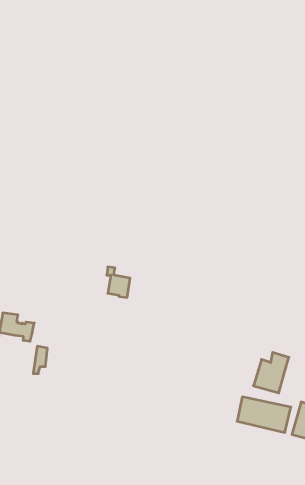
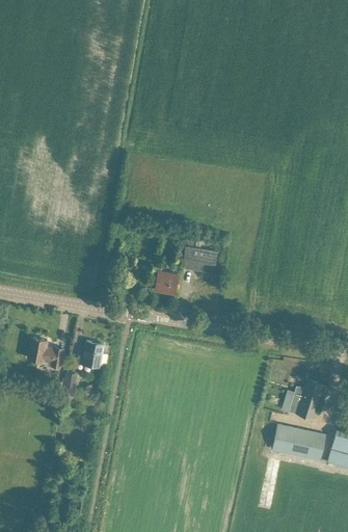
building: none -> [180,246,216,273]
building: [107,267,130,297] -> [153,262,177,293]
building: none -> [78,341,106,368]

